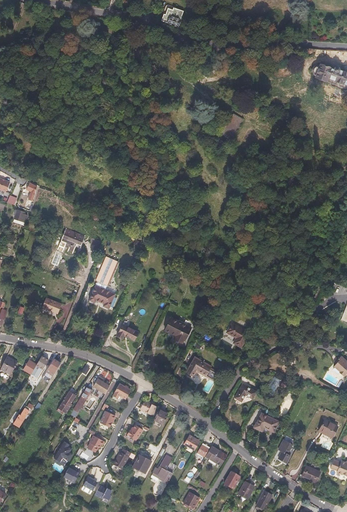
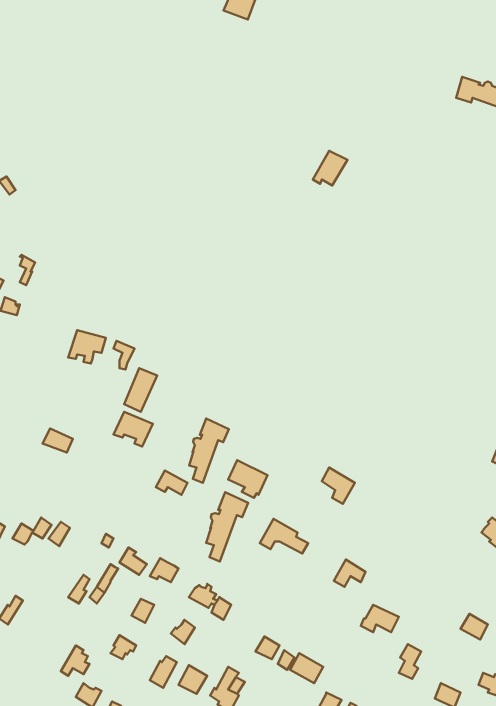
building: none -> [189,419,229,483]
building: none -> [206,492,248,562]

